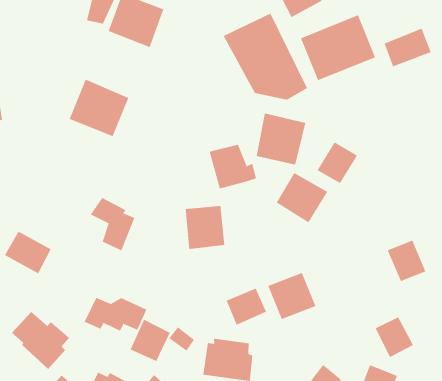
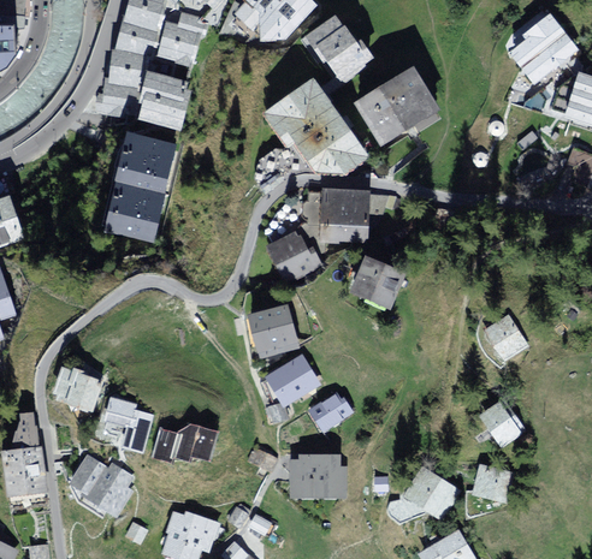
building: [384,28,432,67] -> none
building: none -> [112,131,178,196]
building: [317,142,358,184] -> none
building: [90,197,135,251] -> [101,394,153,452]
building: none -> [264,355,318,404]
building: [267,272,316,320] -> none
building: [130,319,171,362] -> none

